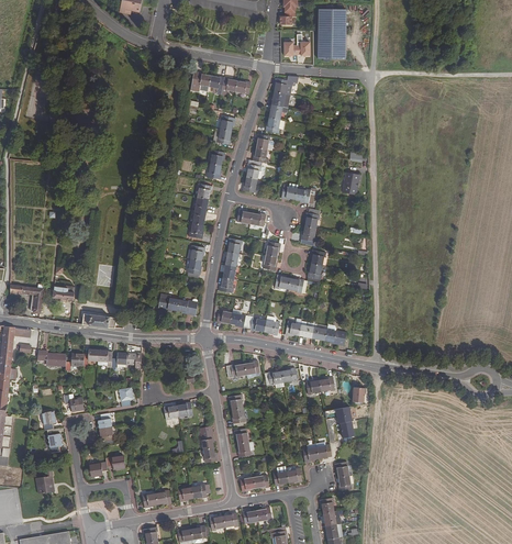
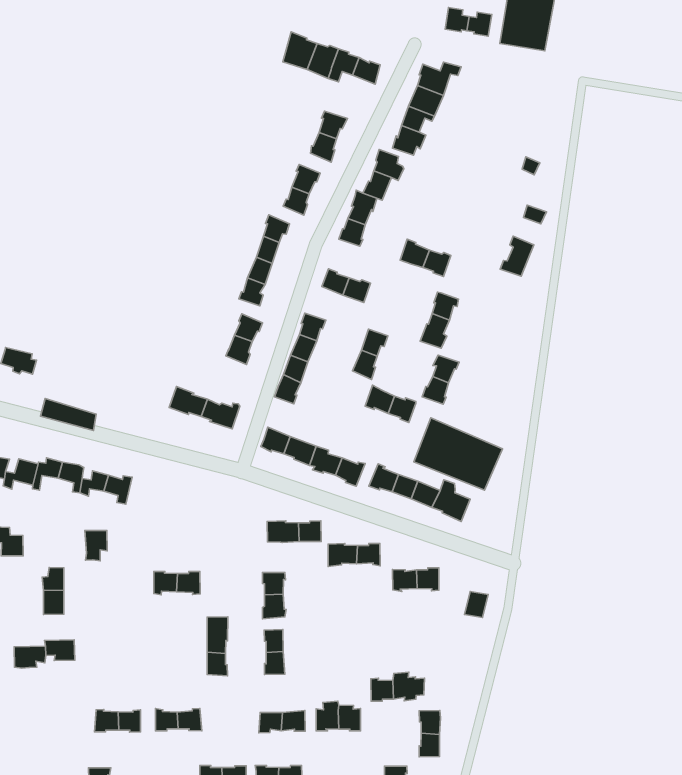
building: none -> [414,418,502,490]
building: [323,406,353,436] -> none

